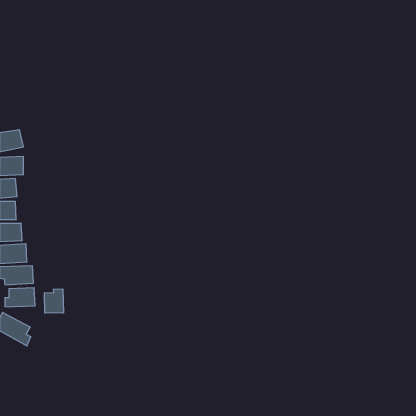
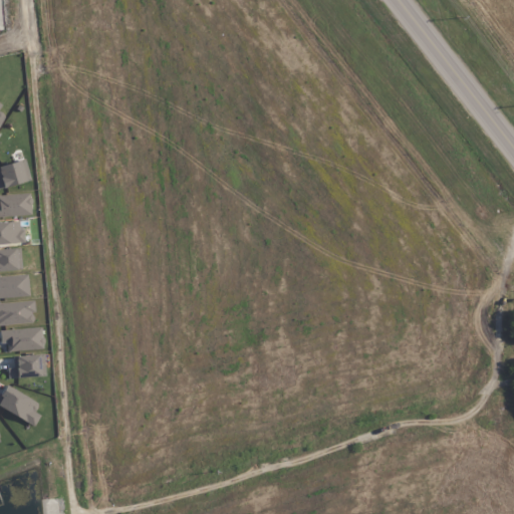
building: [44,289,63,313] -> none

